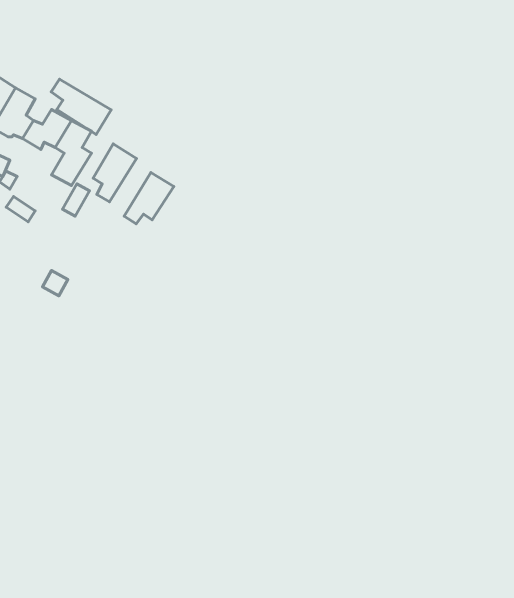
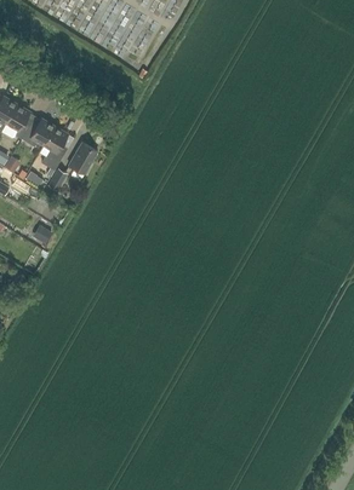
building: [51,79,111,134] -> none
building: [124,172,174,224] -> none

